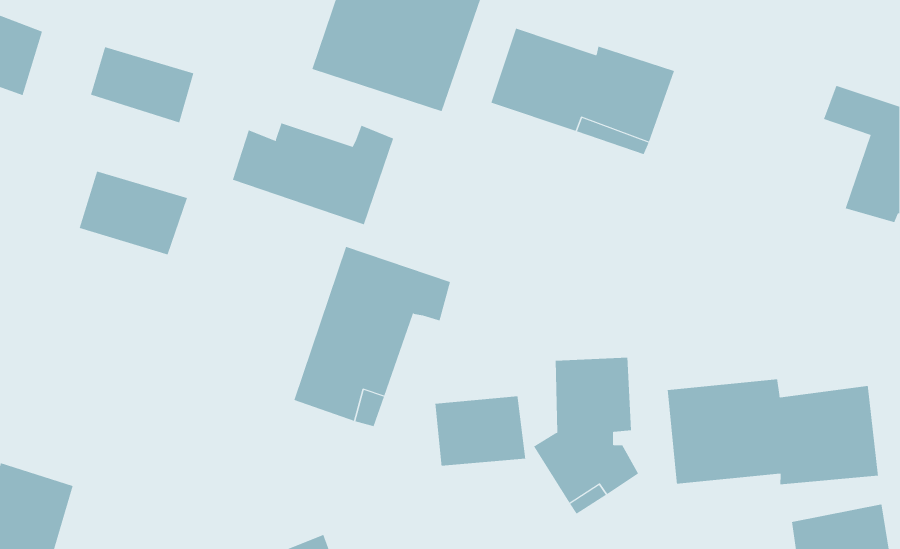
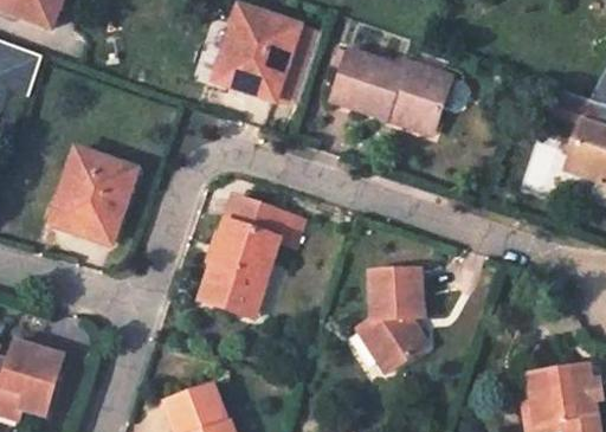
building: [90,46,194,123] -> [49,183,117,234]
building: [232,123,394,225] -> none
building: [667,379,879,485] -> none
building: [435,396,526,466] -> none

